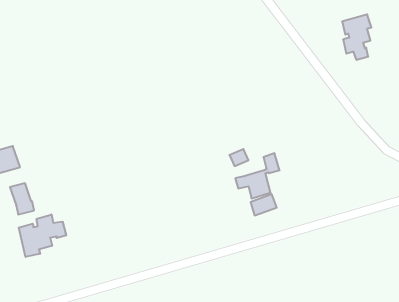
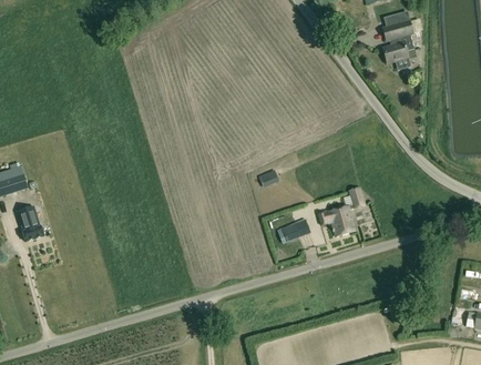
building: [235,153,280,198] -> [318,186,367,236]
building: [19,214,66,257] -> none

